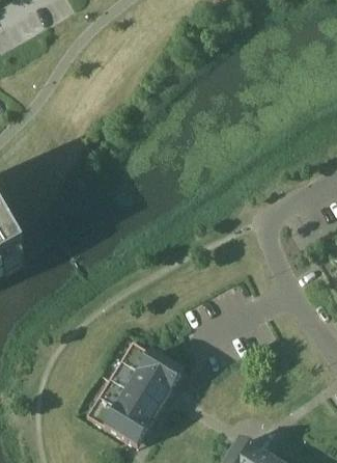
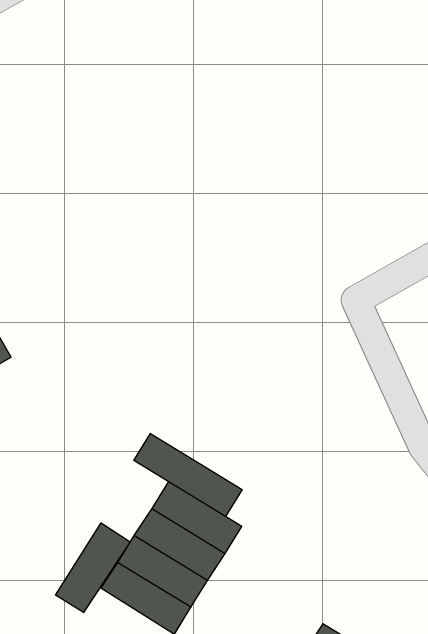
building: none -> [134,433,242,516]
building: none -> [56,523,130,613]

